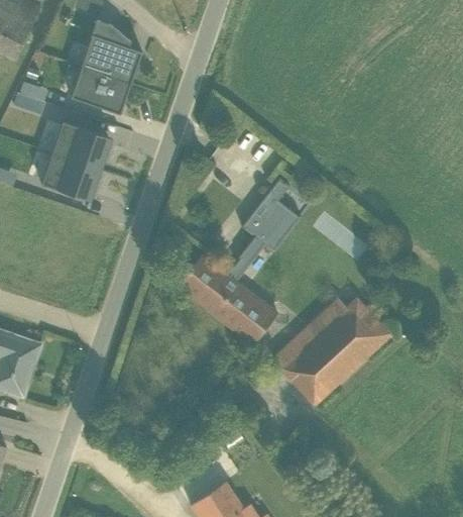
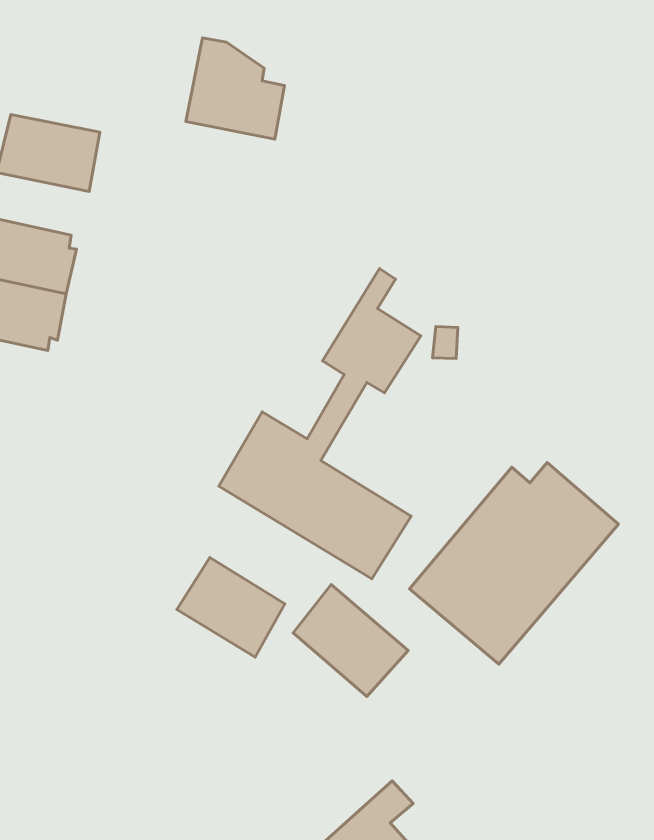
building: [83,20,140,82] -> [186,38,284,139]
building: none -> [177,558,285,657]
building: none -> [293,585,408,696]

